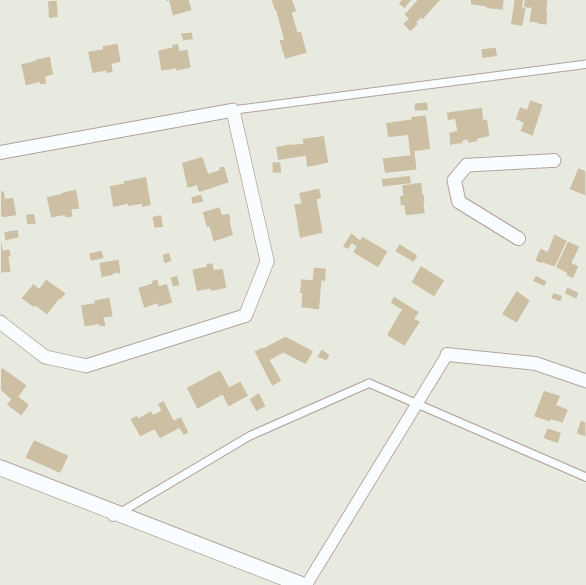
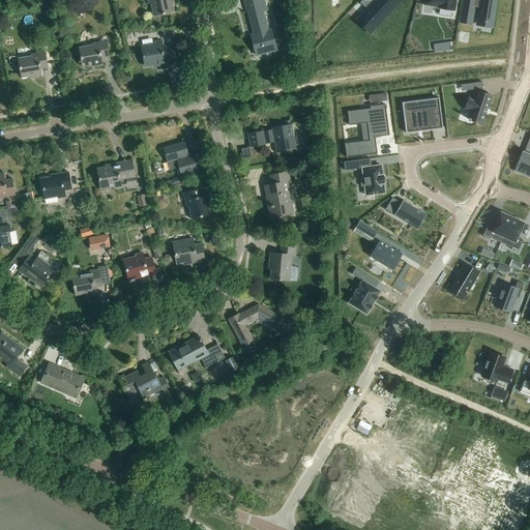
building: [342,233,389,268] -> [384,197,426,229]
building: none -> [495,281,524,311]
building: [24,440,69,474] -> [42,364,83,395]

